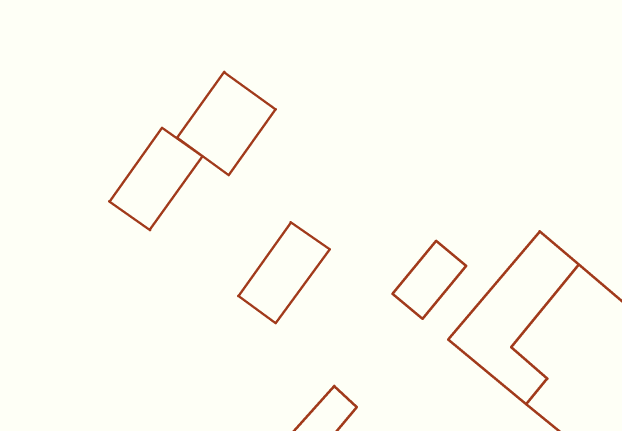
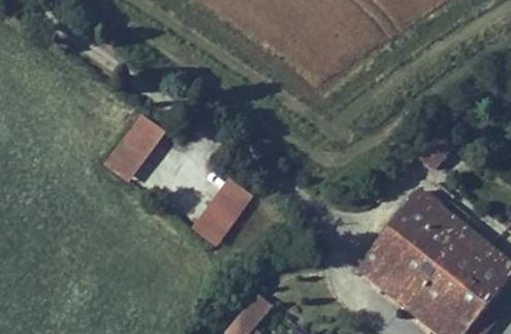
building: [177,72,276,175] -> none
building: [393,241,466,319] -> none

